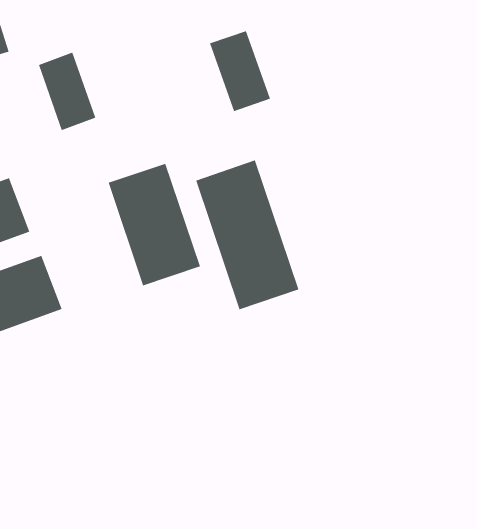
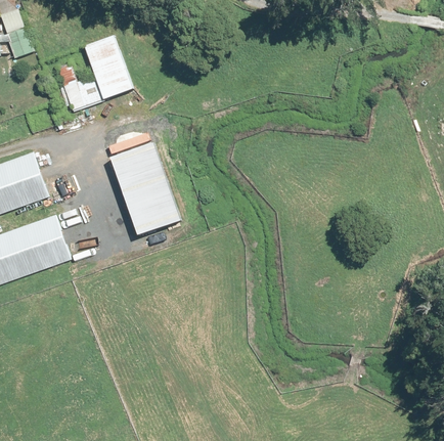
building: [209,30,271,112] -> [84,39,133,103]
building: [195,160,299,310] -> none

